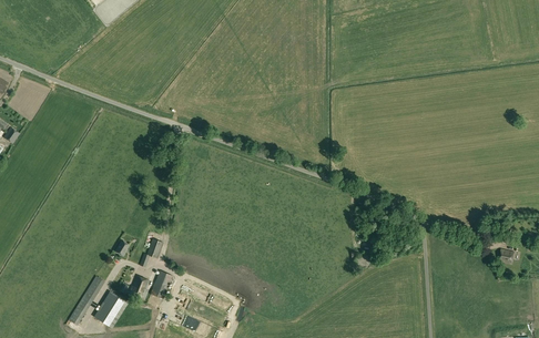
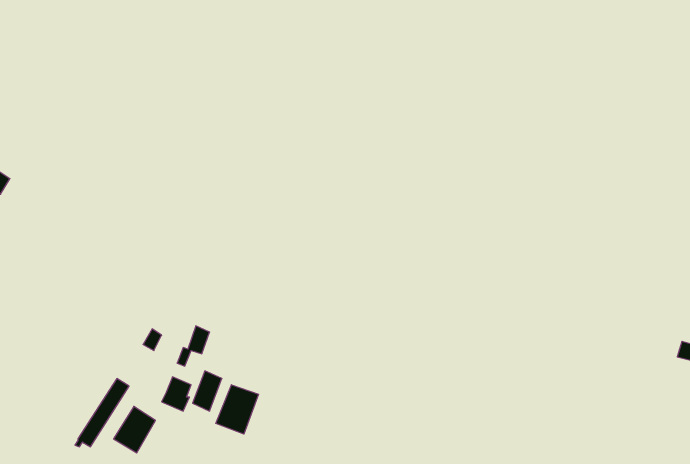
building: none -> [216,385,258,434]

